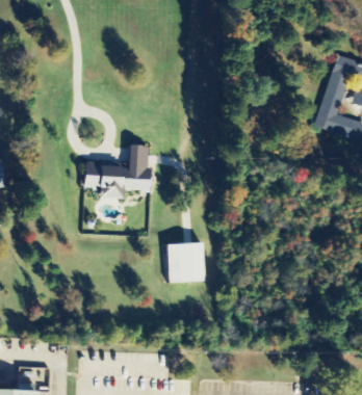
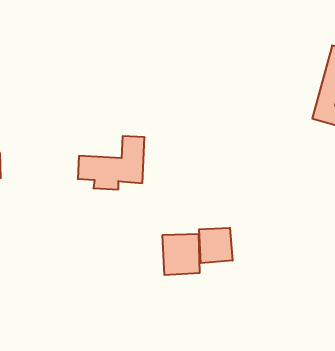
building: none -> [199,228,233,263]

